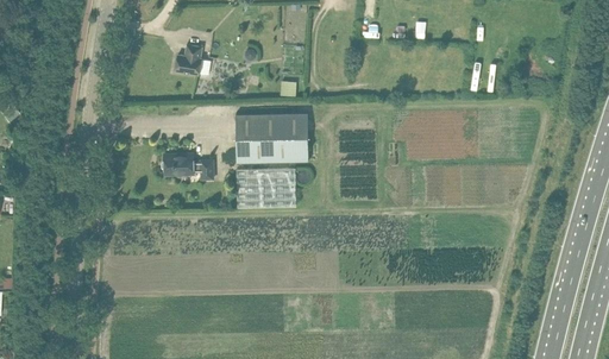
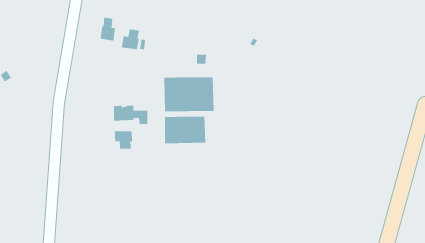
building: none -> [100,17,116,41]
building: none -> [114,130,133,149]

